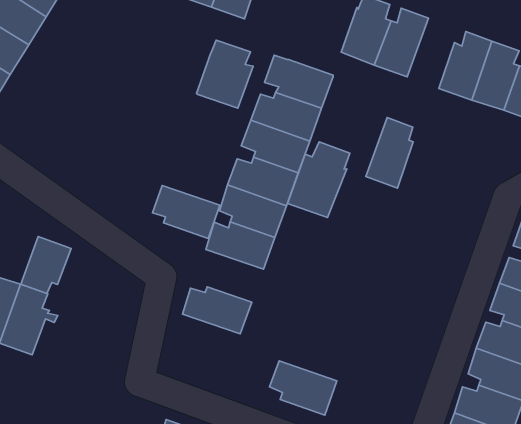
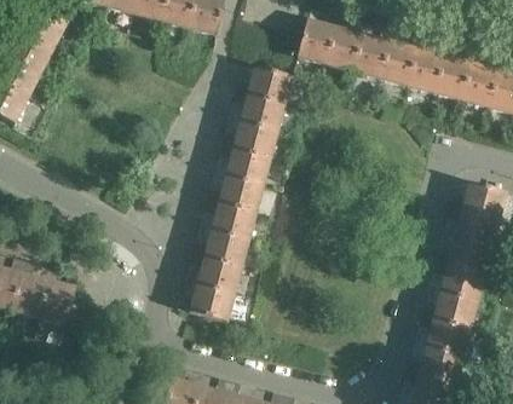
building: [196,40,253,108] -> none
building: [366,118,413,188] -> [355,23,391,80]
building: [287,142,350,217] -> none
building: [153,186,220,238] -> [196,227,250,267]
building: [21,237,71,294] -> none
building: [270,361,337,415] -> [181,282,236,323]

